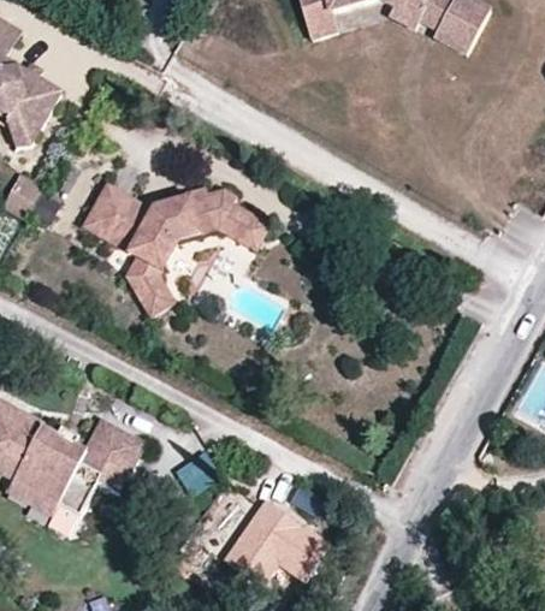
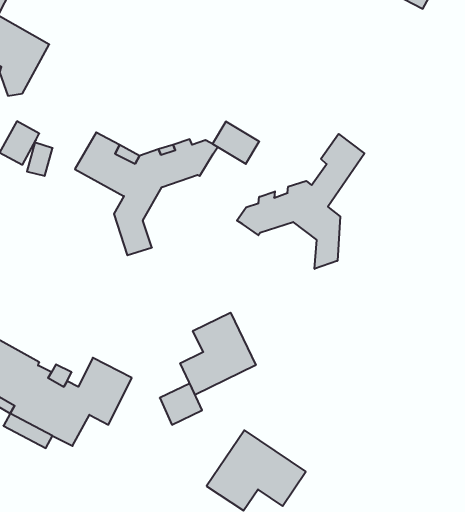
building: none -> [237,134,364,269]
building: [219,203,269,249] -> [212,122,259,164]
building: none -> [180,313,256,395]

